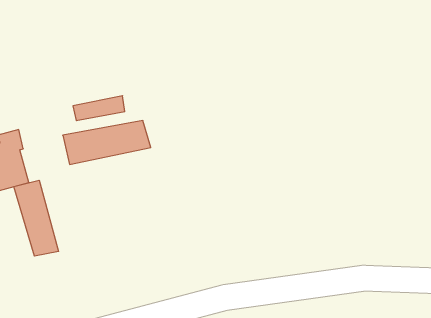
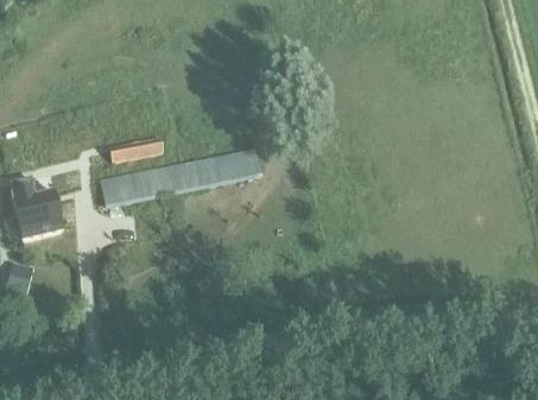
building: none -> [181,148,258,191]
building: [14,180,59,256] -> none

